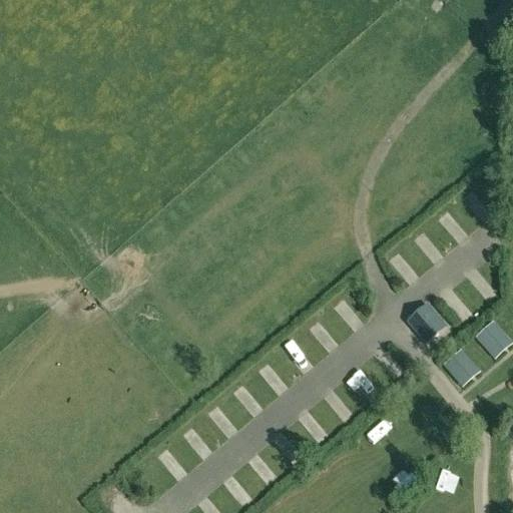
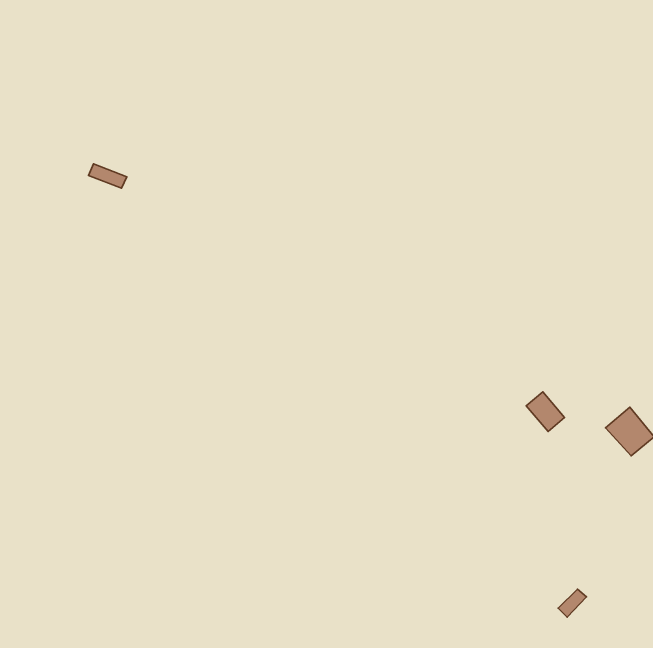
building: [443,348,480,386] -> none

